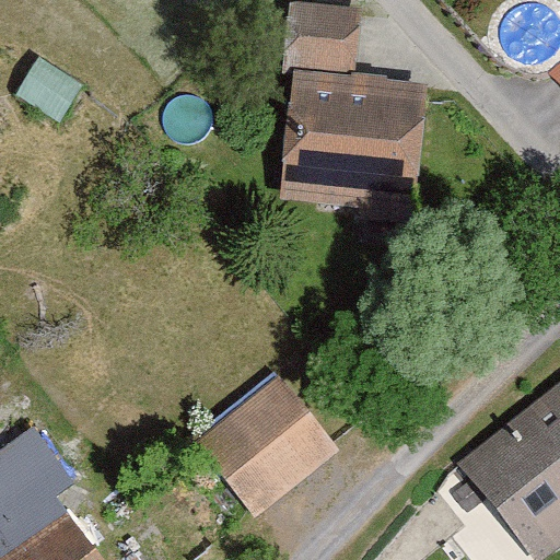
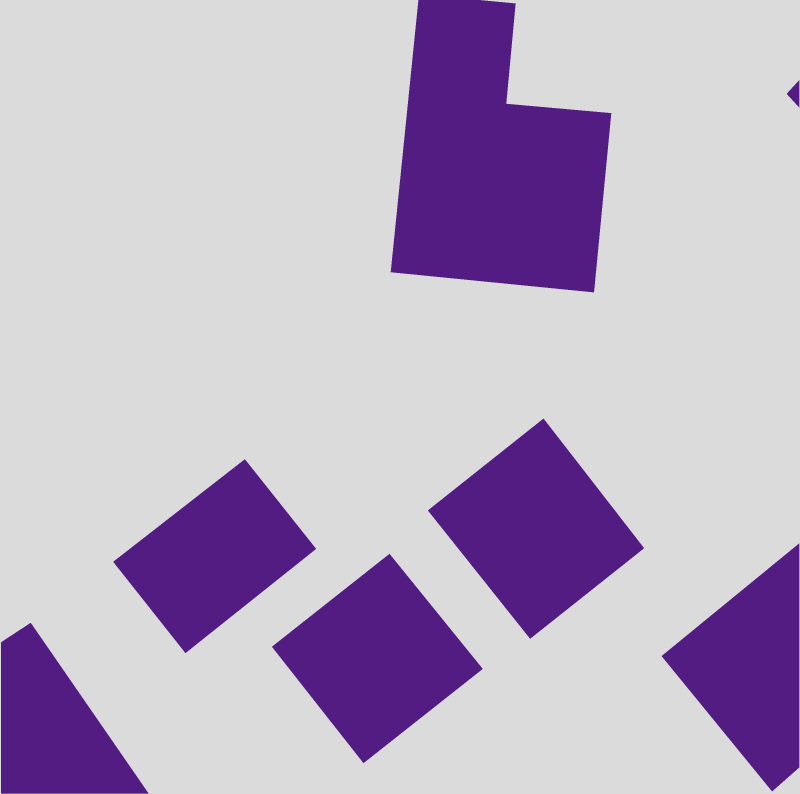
building: none -> [427,417,645,640]
building: none -> [112,458,317,654]

